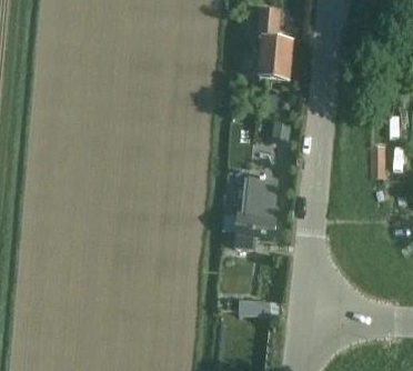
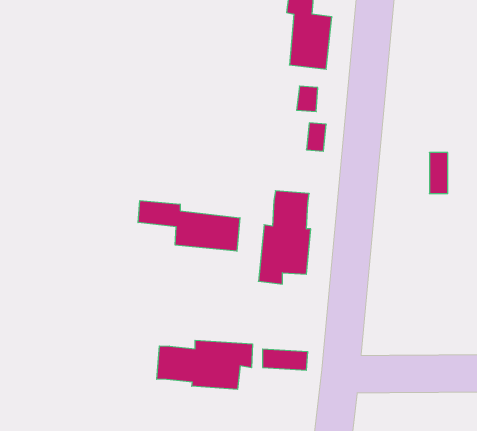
building: none -> [138,201,240,251]
building: none -> [157,340,252,389]

